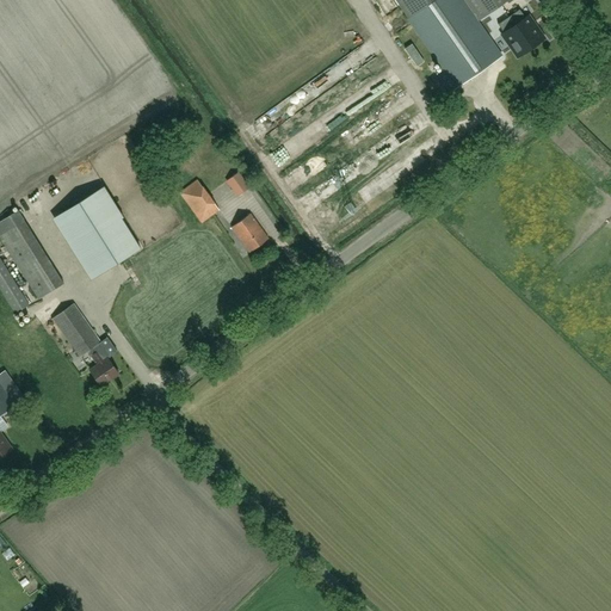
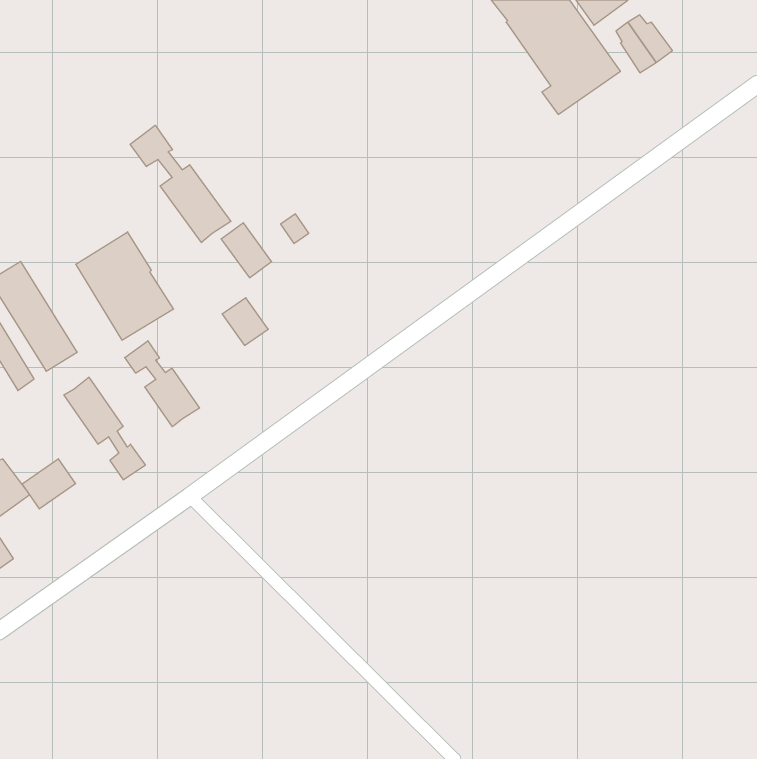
building: none -> [130,125,231,243]
building: [230,214,267,252] -> [222,298,268,345]
building: none -> [125,341,200,427]
building: none -> [22,459,76,509]

